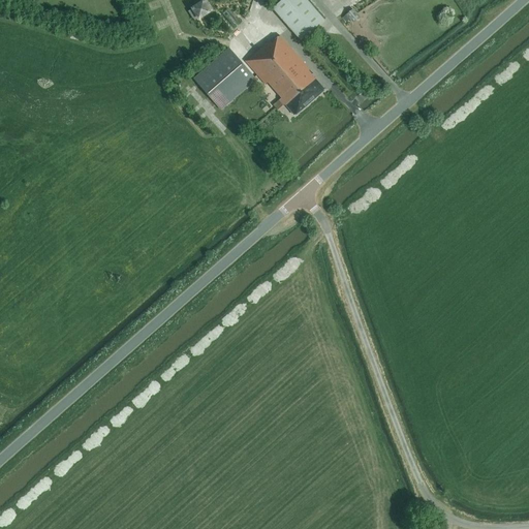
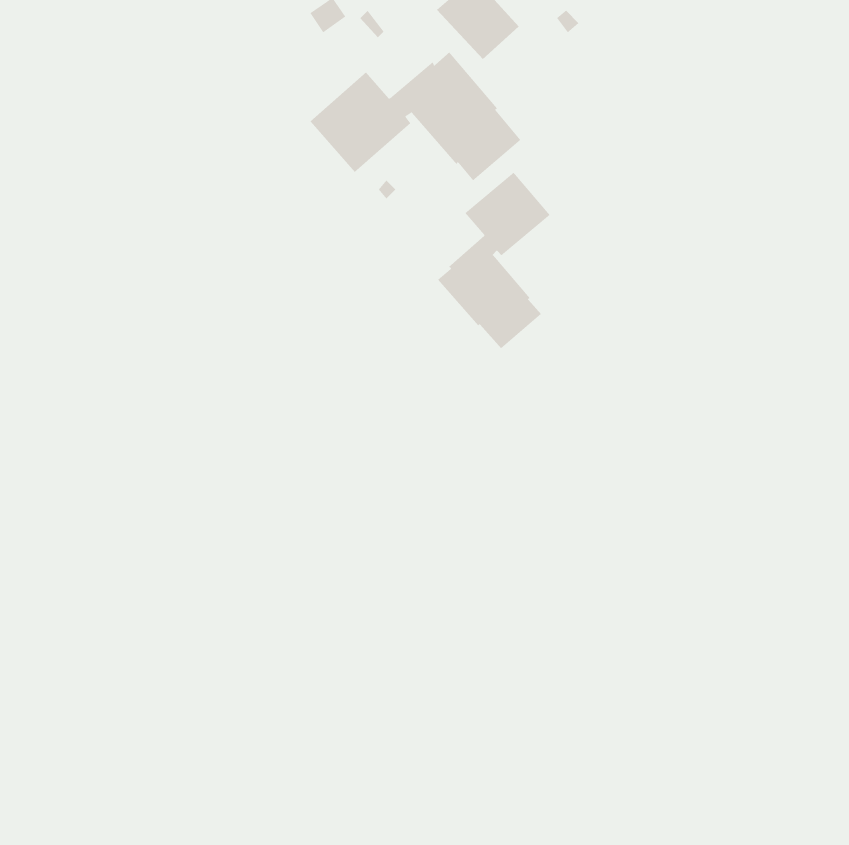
building: none -> [437,172,550,349]

